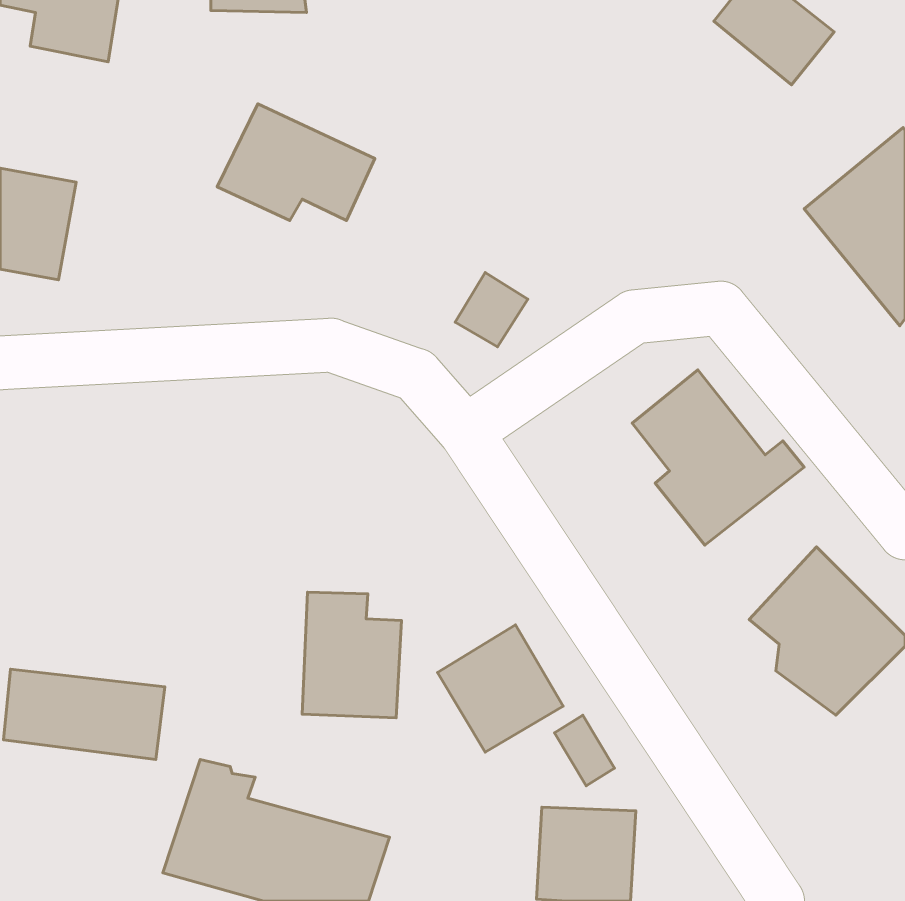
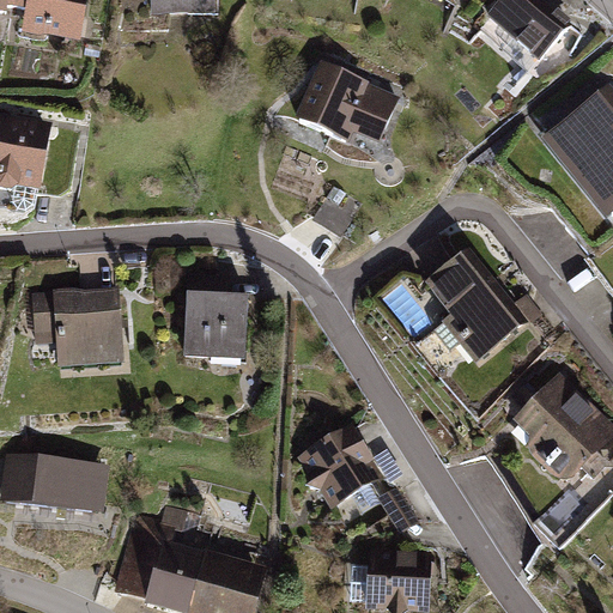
building: [217,104,375,221] -> [290,60,396,139]
building: none -> [34,287,126,370]
building: [302,592,401,718] -> [184,277,251,362]

